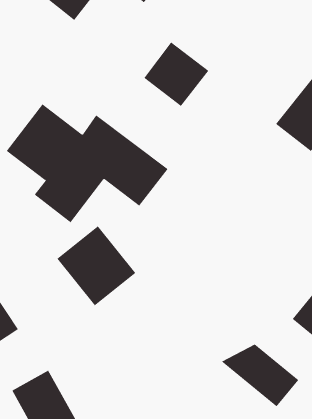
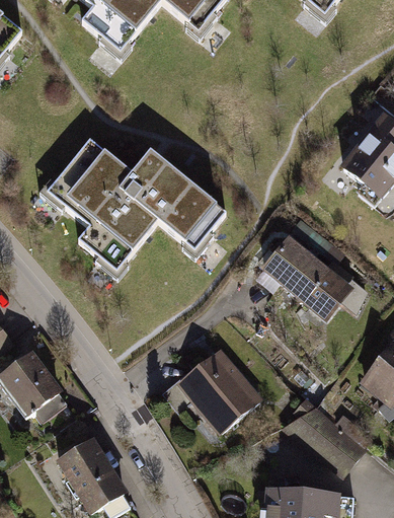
building: [144,41,209,107] -> none
building: none -> [259,232,359,320]
building: [56,225,136,306] -> [175,344,262,432]

